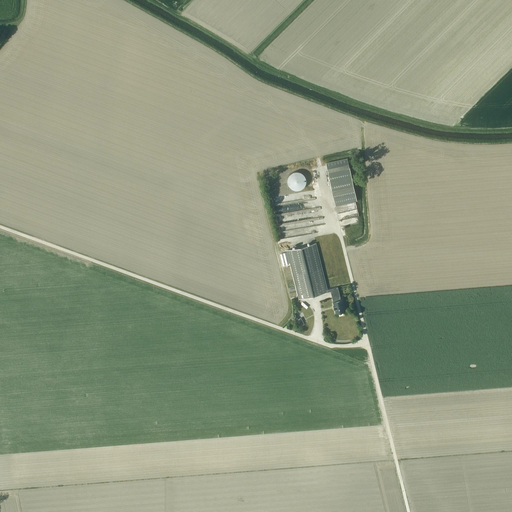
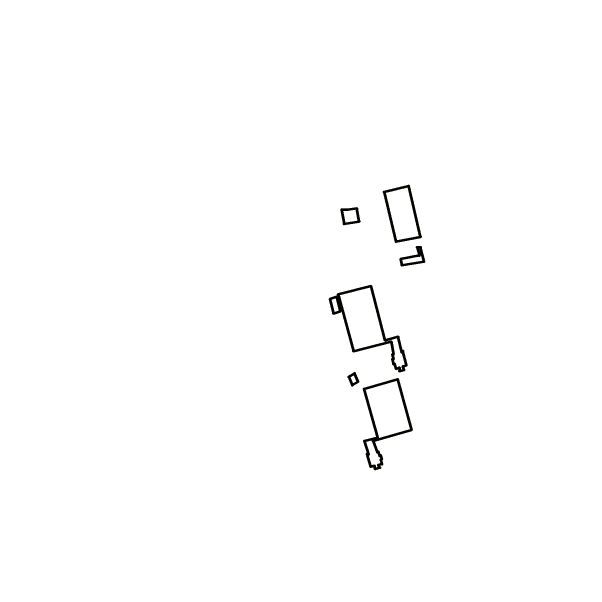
building: none -> [364,379,411,469]

